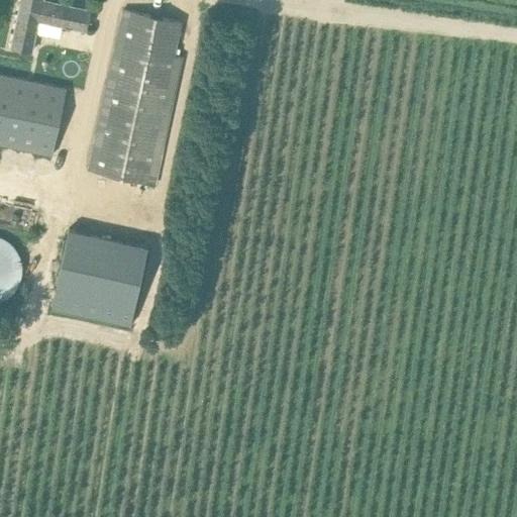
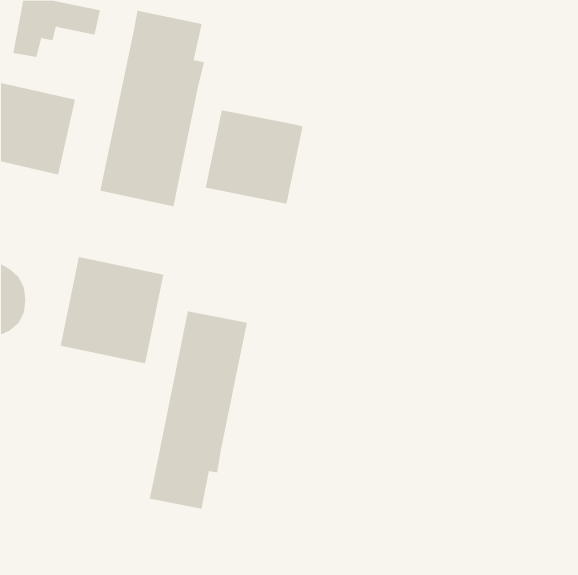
building: none -> [205,110,303,204]
building: none -> [149,310,248,510]

